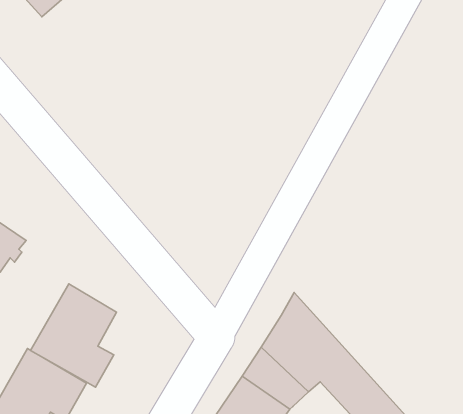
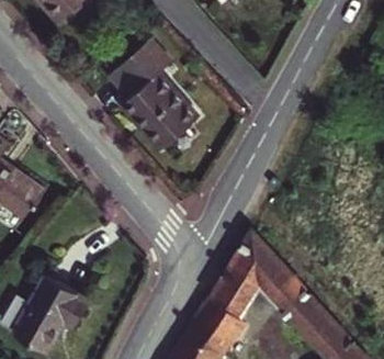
building: none -> [109,40,197,149]
building: [31,284,116,387] -> none

